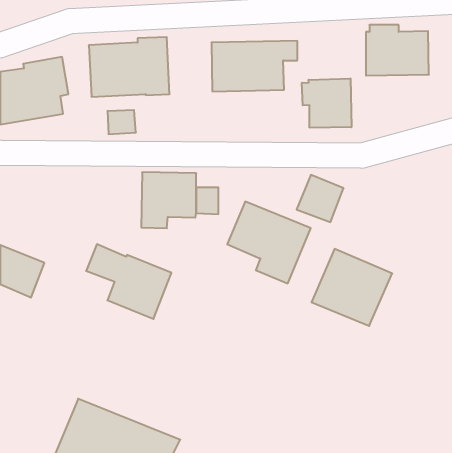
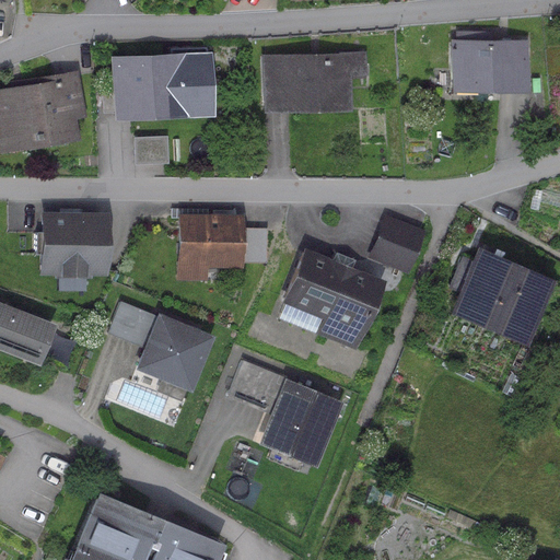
building: [302,78,351,128] -> none
building: none -> [33,211,109,280]
building: [311,249,392,326] -> [455,243,555,338]
building: none -> [226,359,343,467]

